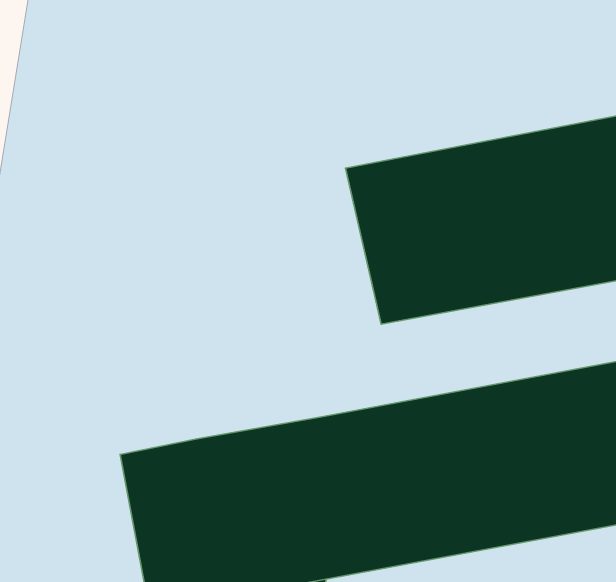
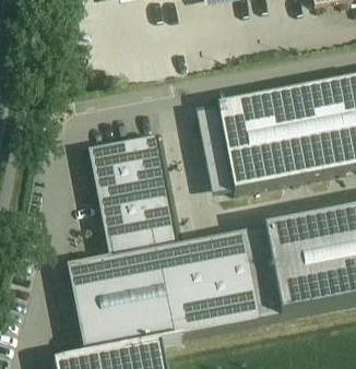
building: none -> [88,132,178,255]

